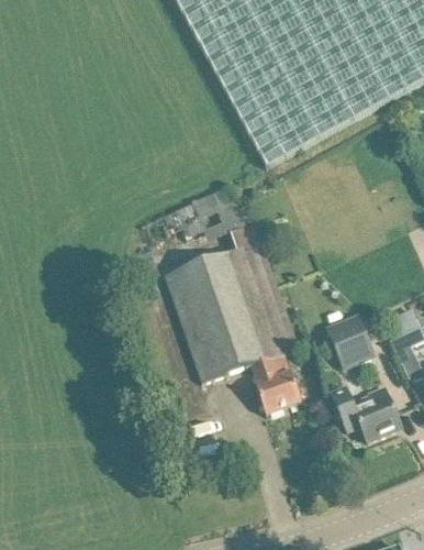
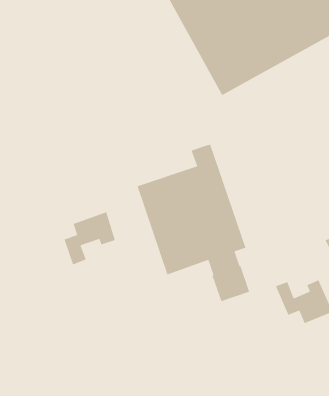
building: none -> [63,211,116,265]
building: [328,316,373,365] -> none

